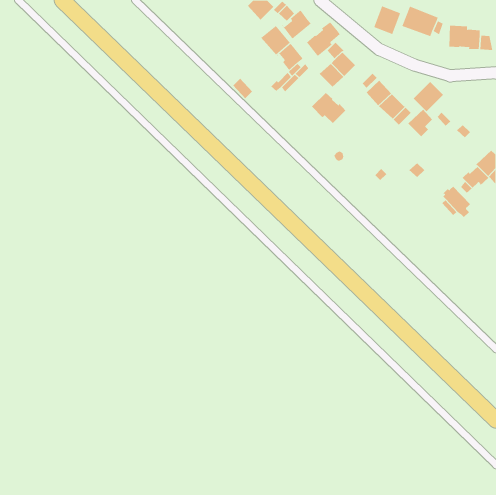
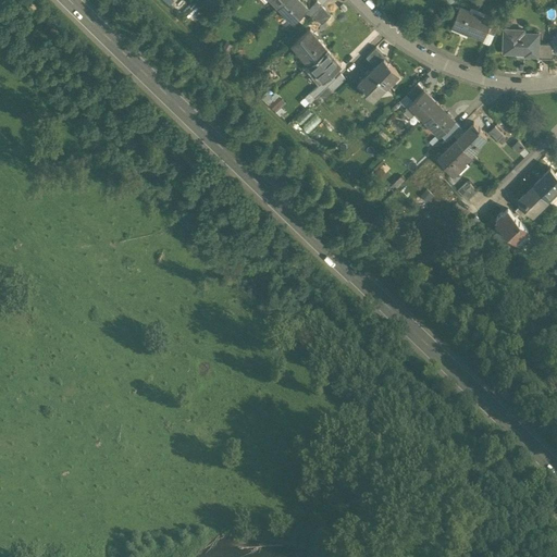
building: [373,6,401,35] -> none
building: [281,9,311,40] -> none
building: [306,22,341,57] -> none
building: [413,81,444,112] -> [436,140,471,175]
building: [311,92,346,124] -> none

